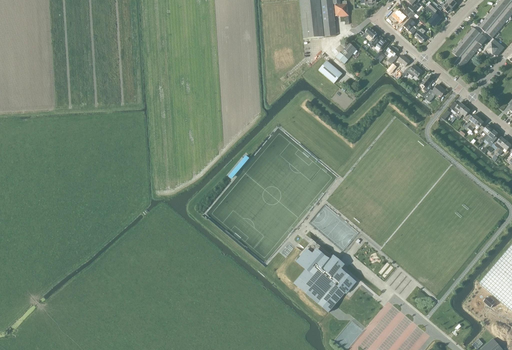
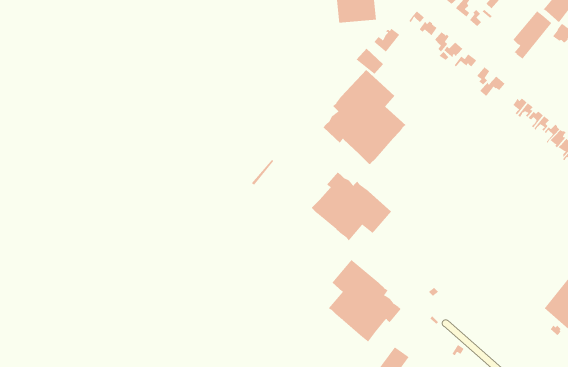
building: none -> [323,69,406,165]
building: none -> [311,172,392,241]

